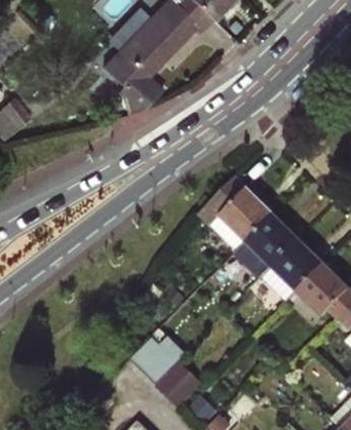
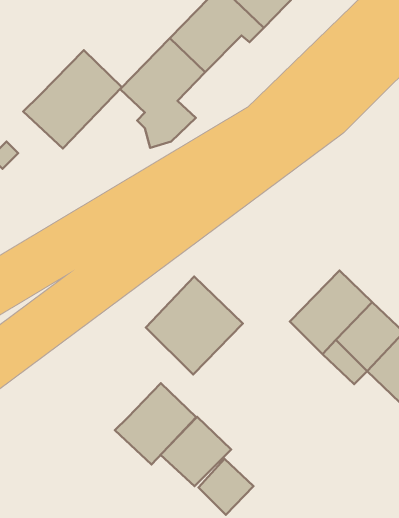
building: none -> [23,50,122,149]
building: [197,177,273,253] -> [146,277,243,375]
building: none -> [115,383,196,464]

